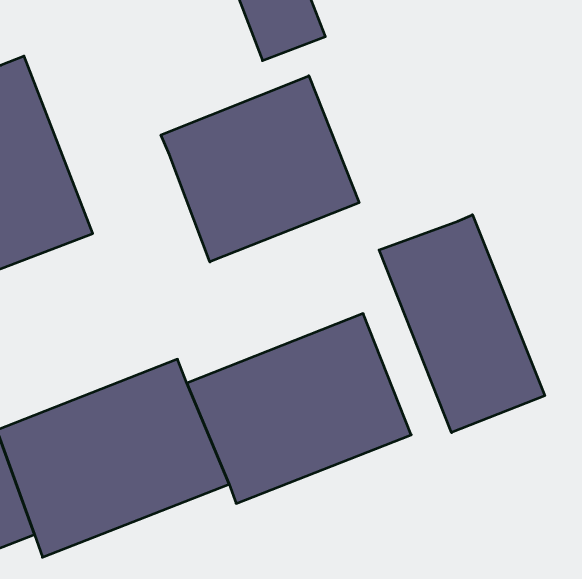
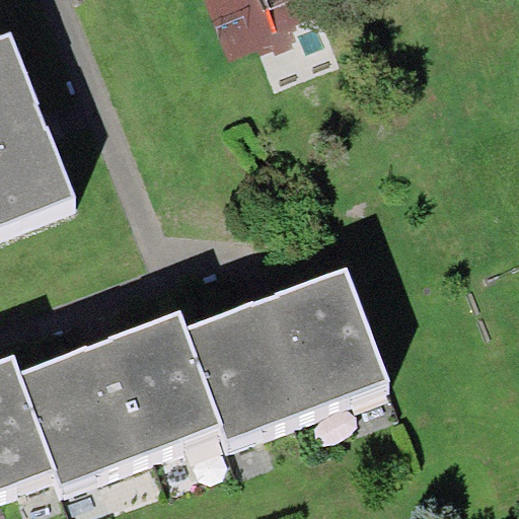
building: [161,76,359,262] -> none
building: [379,215,545,433] -> none

